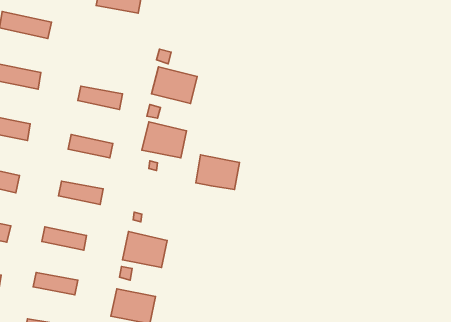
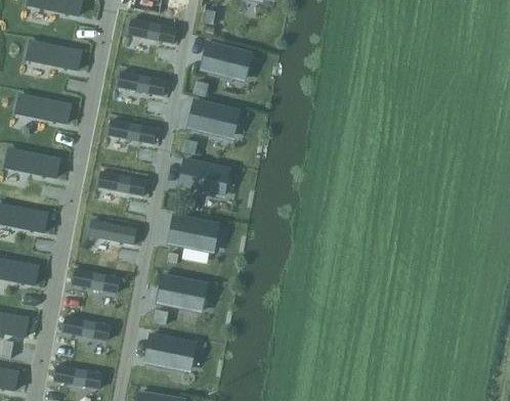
building: none -> [200,41,248,80]
building: none -> [119,72,166,96]
building: [196,155,239,190] -> [168,214,214,251]

